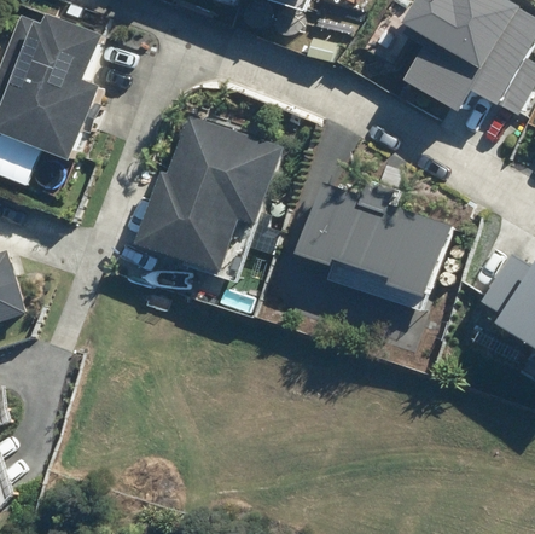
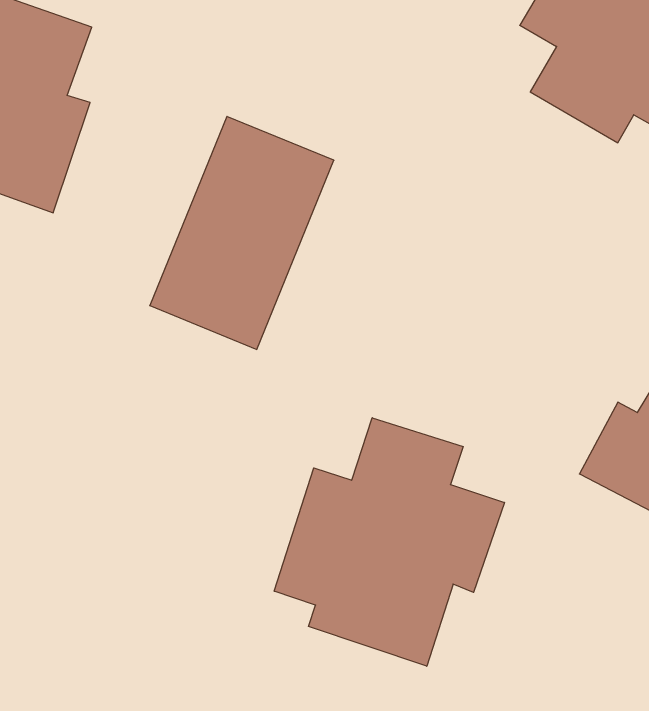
building: [297,184,457,313] -> none
building: none -> [274,418,504,666]

